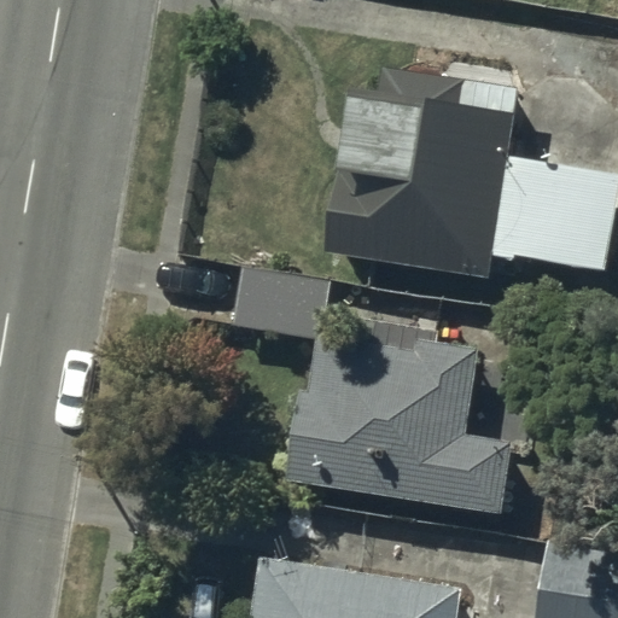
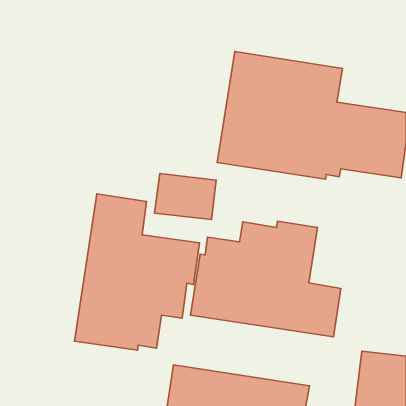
building: none -> [75,194,199,350]

